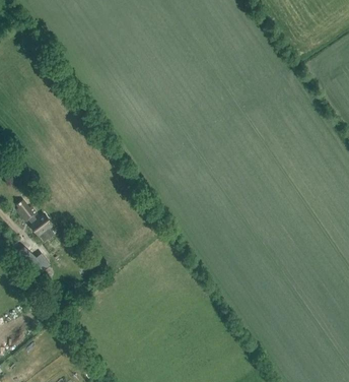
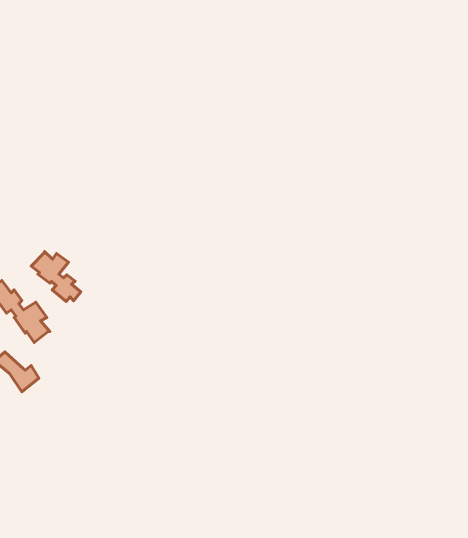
building: none -> [31,251,81,301]

